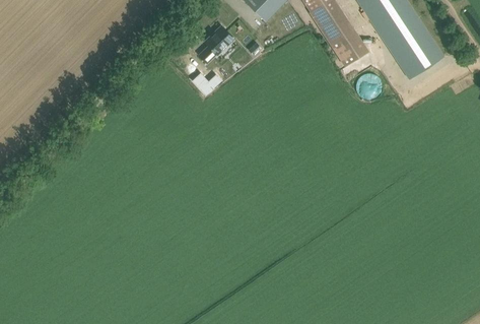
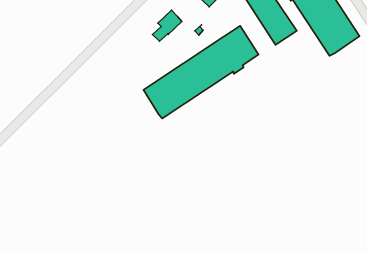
building: none -> [143,26,258,118]

